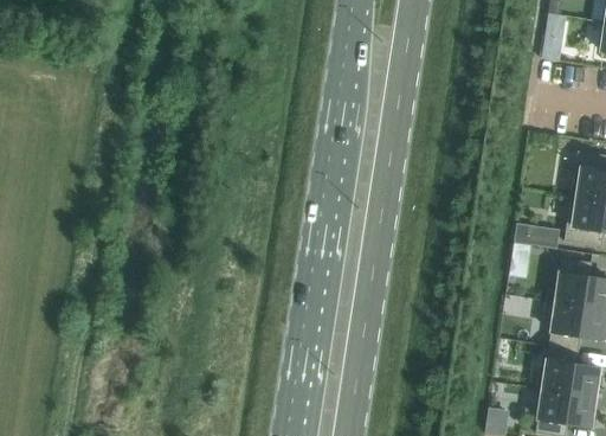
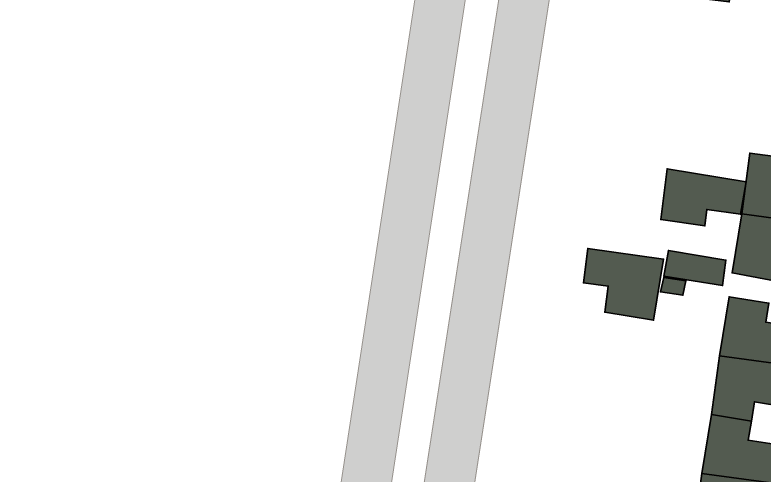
building: none -> [661,169,746,226]
building: none -> [584,248,663,320]

